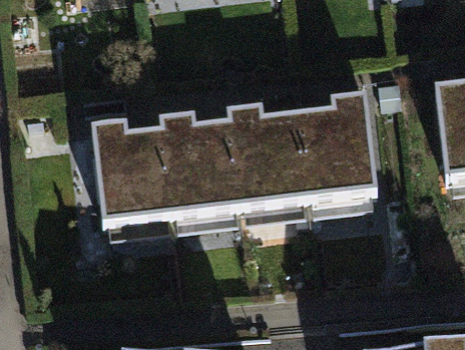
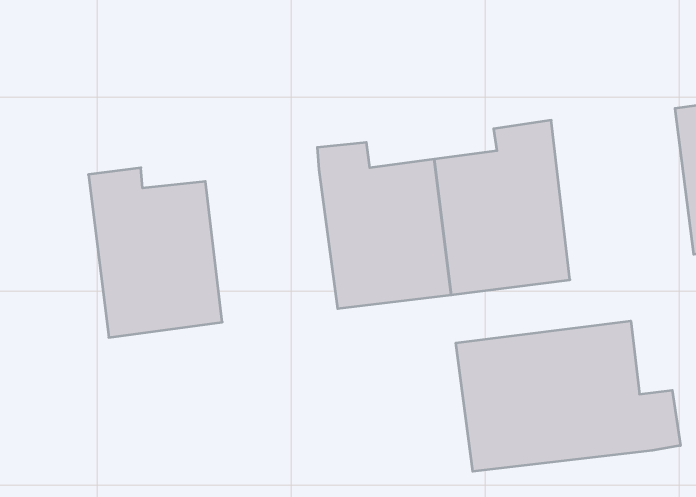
building: [158,117,239,218] -> none
building: none -> [456,321,680,471]

